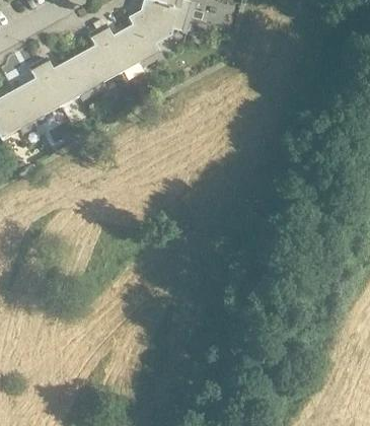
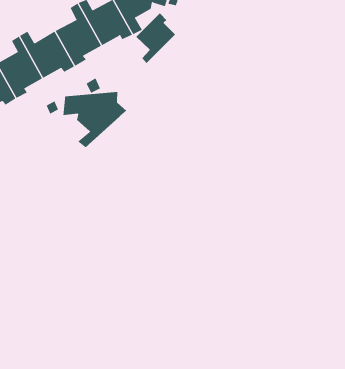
building: none -> [135,12,176,64]
building: none -> [63,91,127,148]

